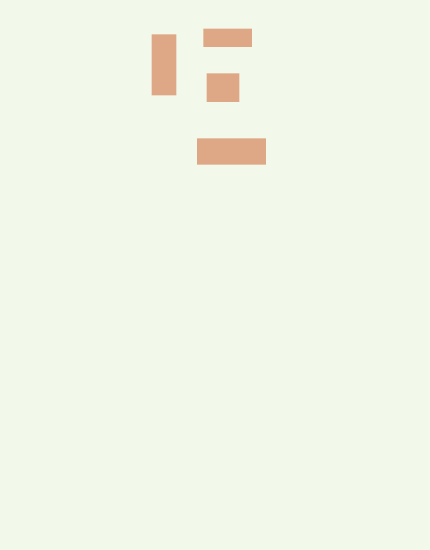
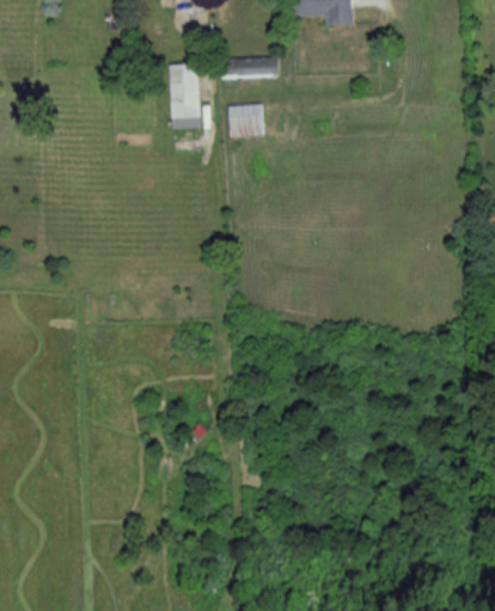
building: [196,137,266,165] -> none

